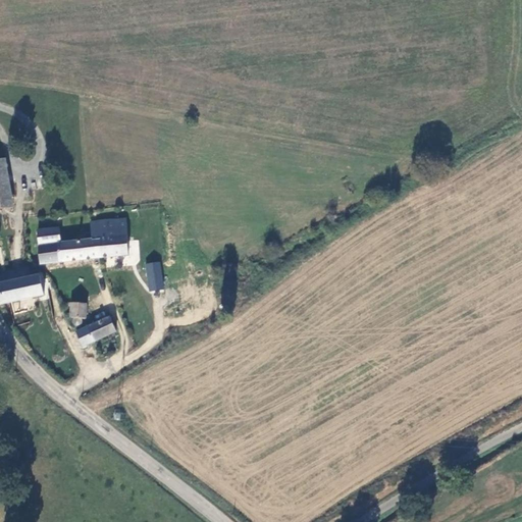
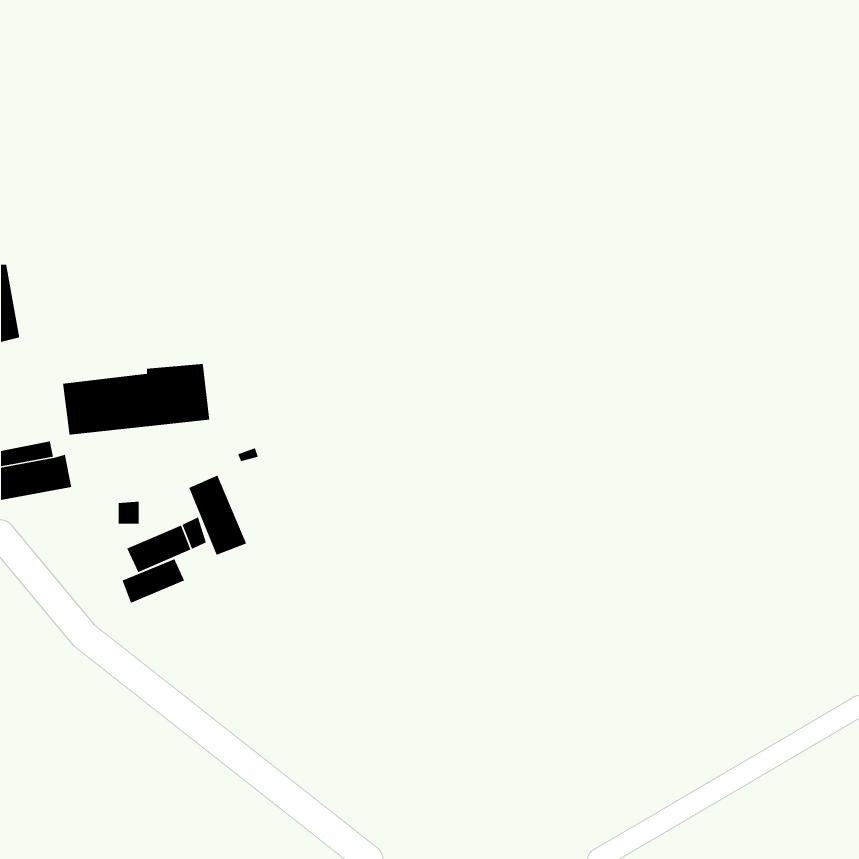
building: none -> [188,474,247,556]
building: none -> [121,558,185,604]

